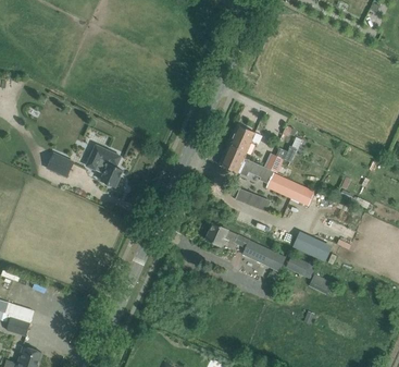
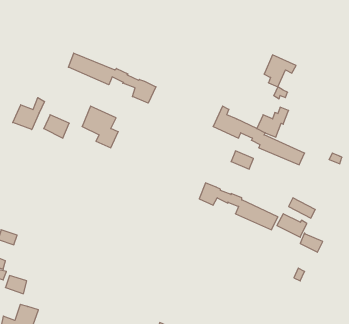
building: none -> [68,53,156,103]
building: [229,124,262,157] -> [264,55,296,87]
building: none -> [13,98,44,130]

